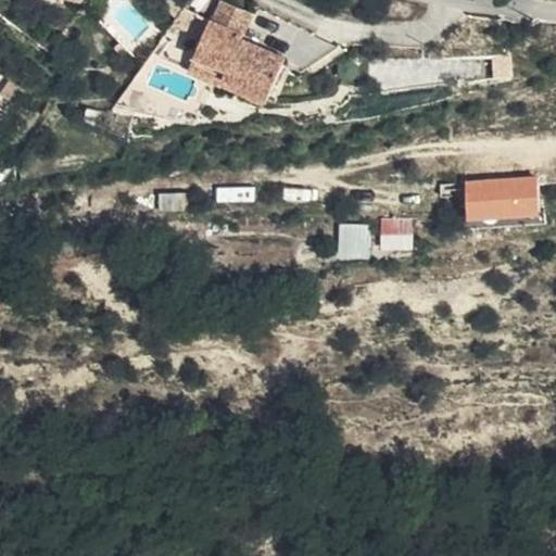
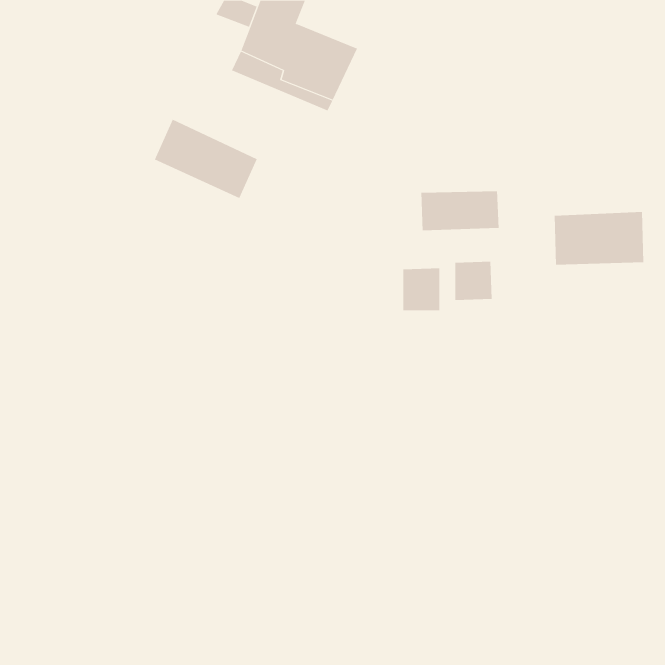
building: none -> [154,119,257,199]
building: none -> [421,191,499,231]

